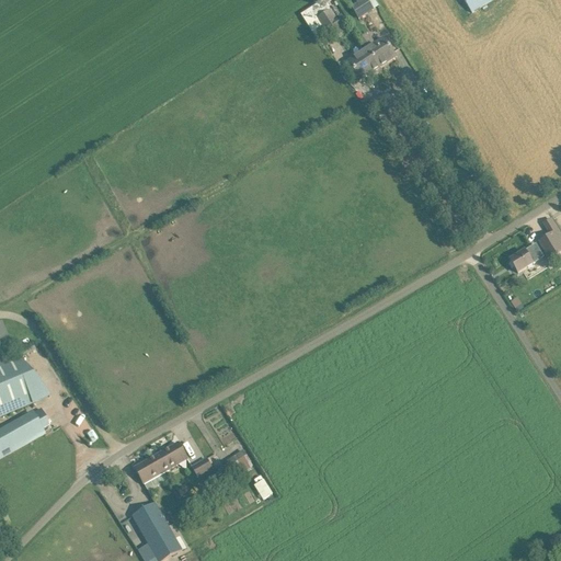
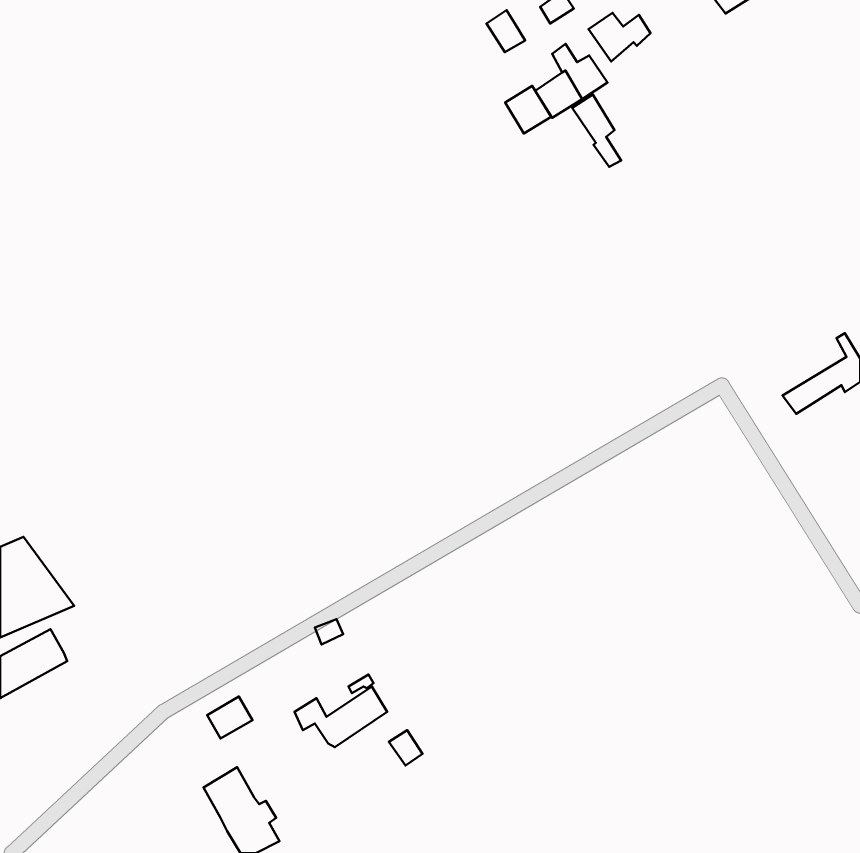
building: none -> [588,13,651,61]
building: none -> [505,86,551,134]
building: none -> [572,95,621,167]
building: [156,440,187,469] -> none

